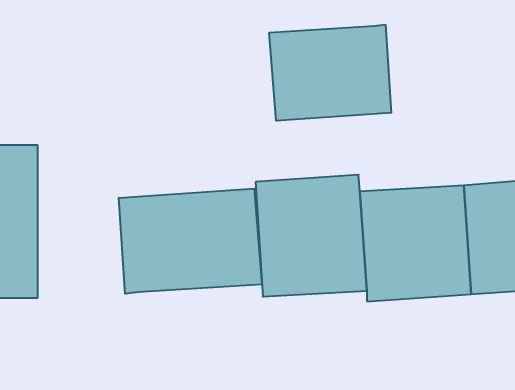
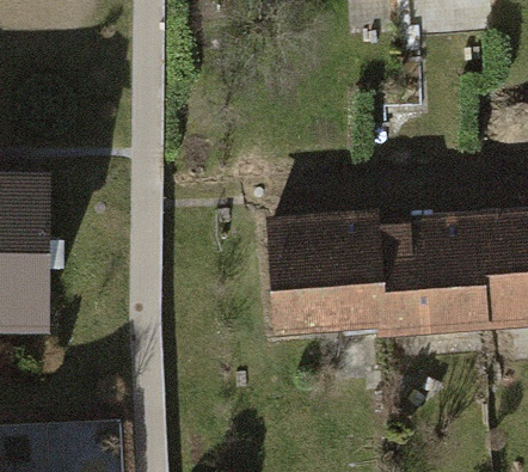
building: [269,25,391,121] -> none
building: [119,189,262,294] -> none

